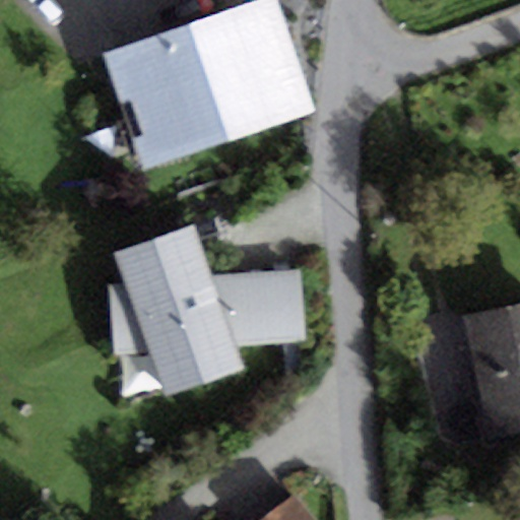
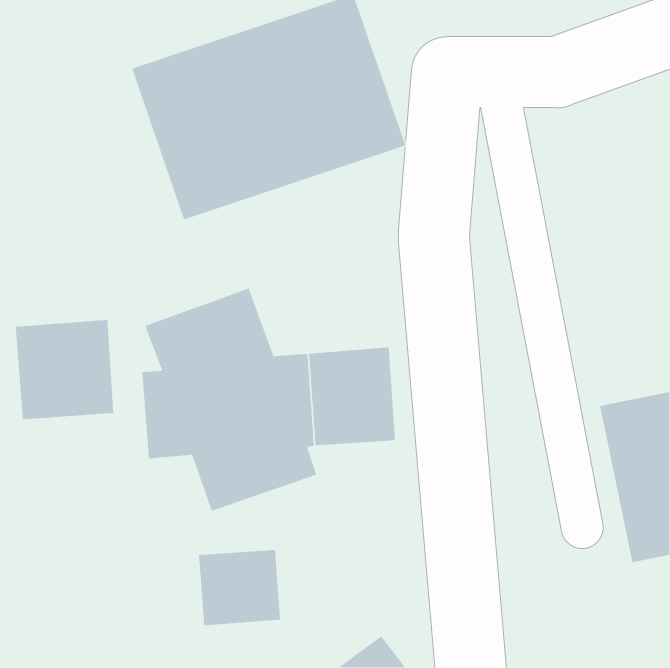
building: none -> [15,319,114,420]
building: none -> [198,549,281,626]

